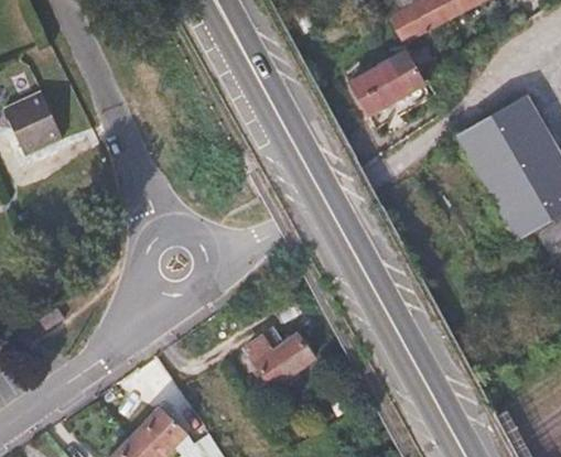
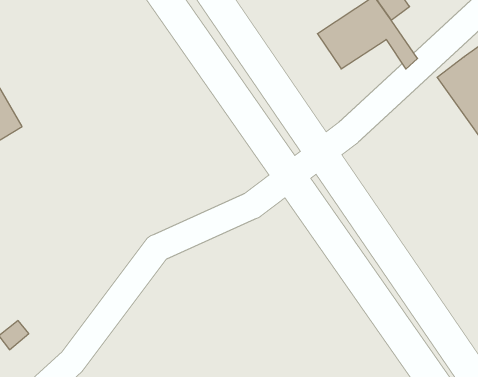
building: [244,334,314,389] -> none

